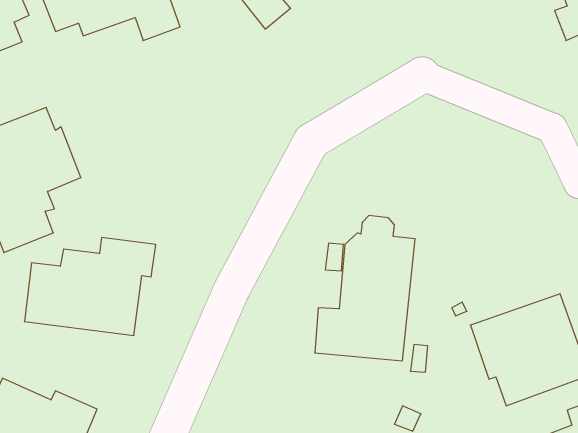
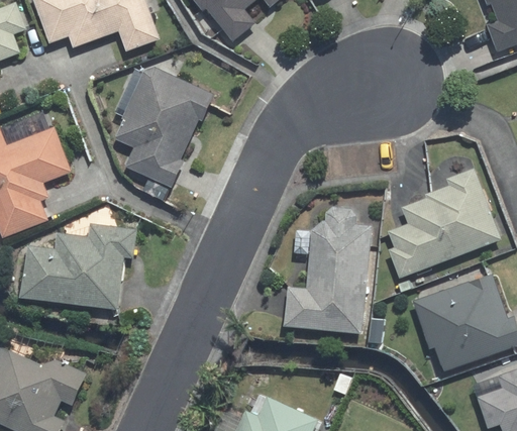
building: none -> [112,69,214,201]
building: none -> [390,170,502,278]

